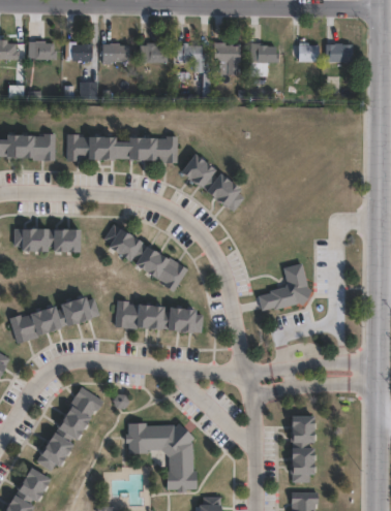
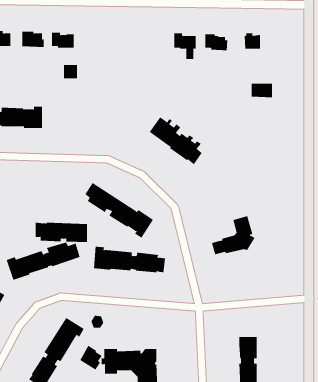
building: [101,43,129,62] -> none
building: [139,43,167,64] -> none
building: [176,43,204,73] -> none
building: [325,45,352,63] -> [251,83,273,98]
building: [65,133,177,162] -> none
building: [14,228,79,253] -> [35,222,88,243]
building: none -> [80,345,102,370]

